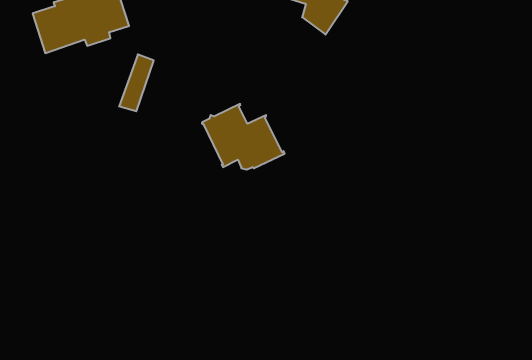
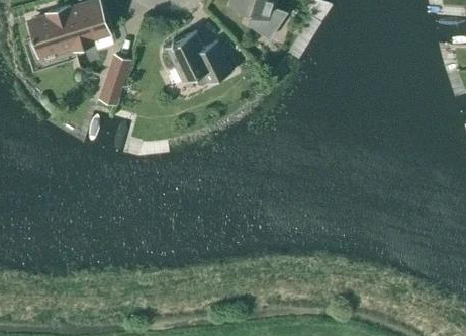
building: [202,104,285,169] -> [165,31,232,85]

